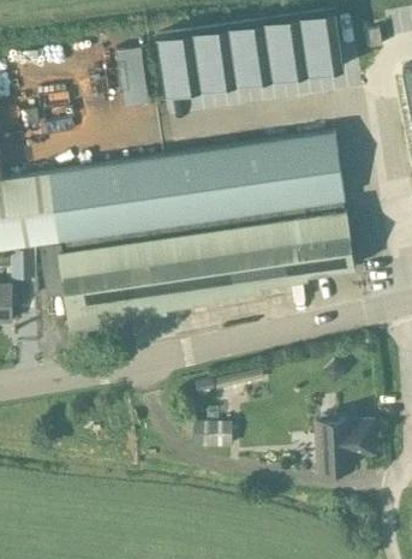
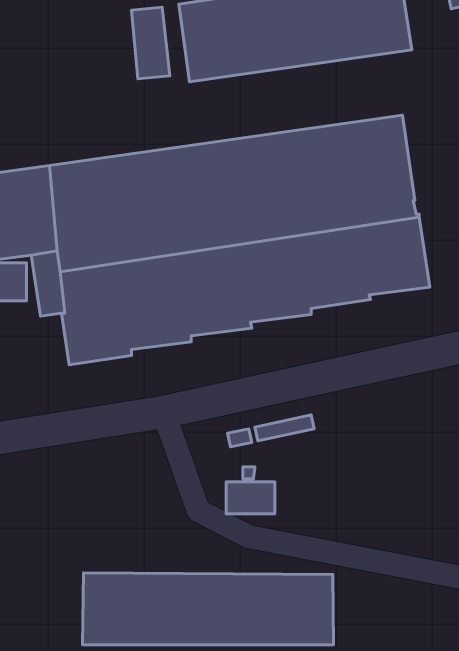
building: [317,415,372,470] -> none
building: none -> [83,573,333,645]

